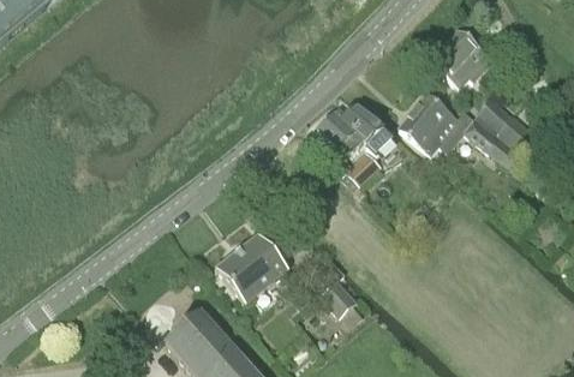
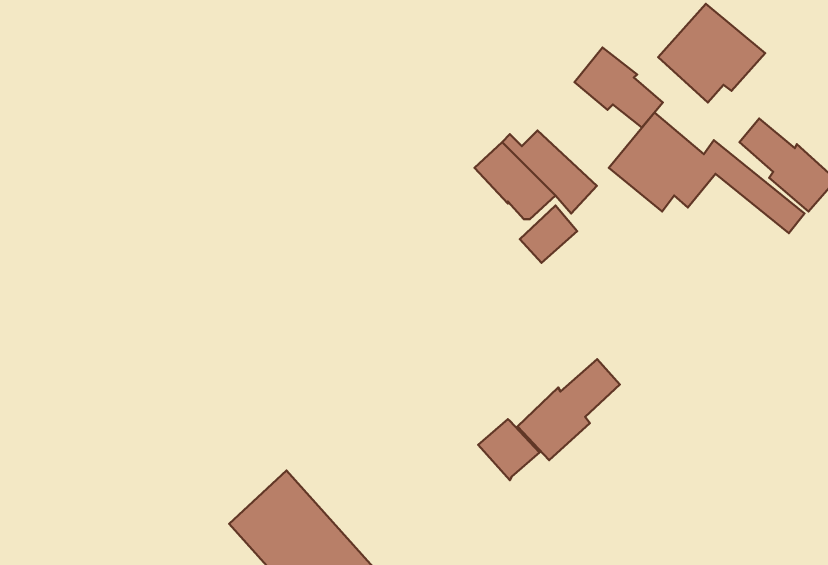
building: none -> [574,47,663,127]
building: [216,233,288,304] -> none
building: none -> [518,359,620,460]

